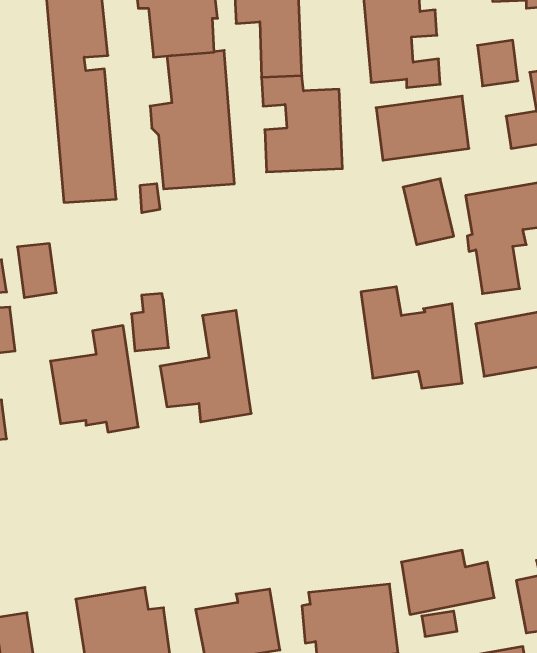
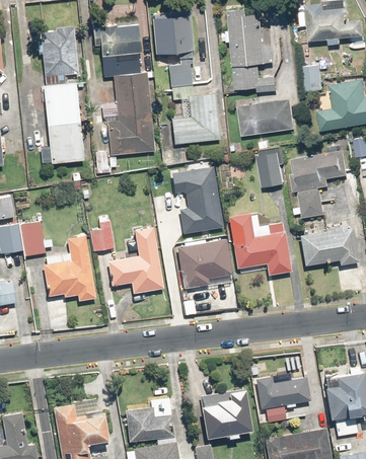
building: none -> [170,167,222,234]
building: [17,244,56,298] -> [21,225,45,257]
building: none -> [175,240,229,289]

